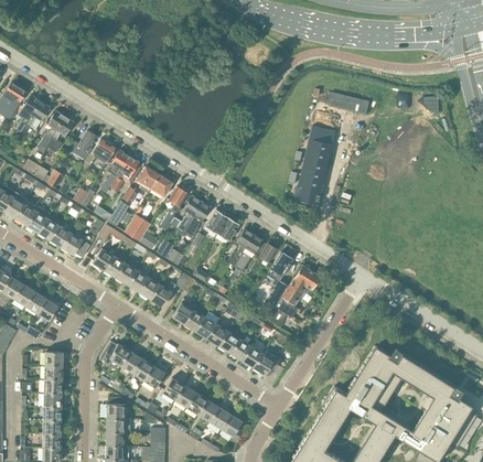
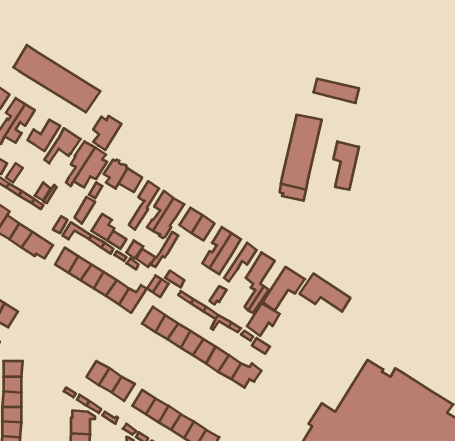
building: none -> [13,45,100,112]
building: none -> [93,116,121,150]
building: none -> [334,141,359,190]
building: none -> [300,274,350,312]
building: [100,340,130,365] -> none

